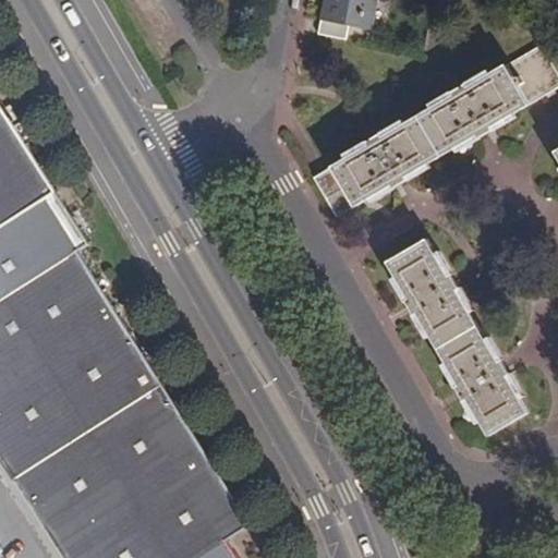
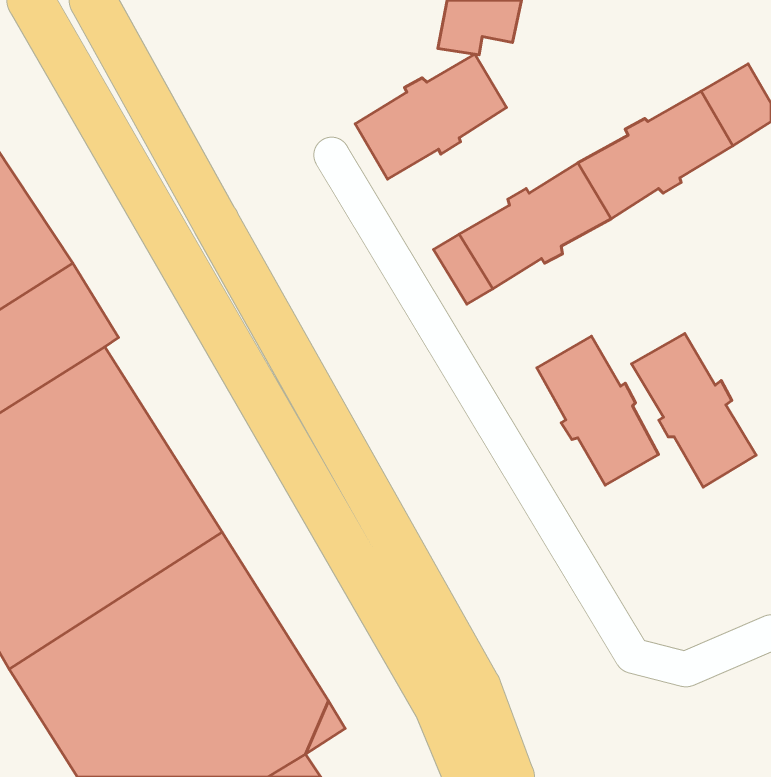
building: none -> [355,54,507,179]
building: [434,326,523,436] -> [632,333,756,487]

